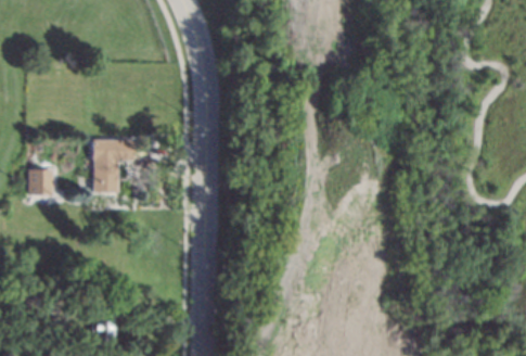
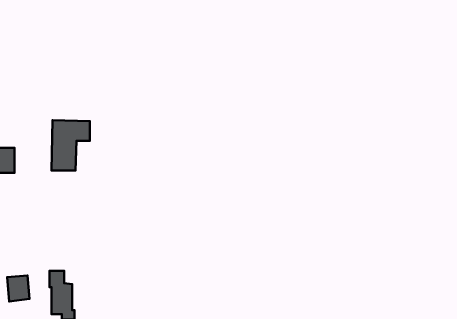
building: none -> [7,275,29,301]

